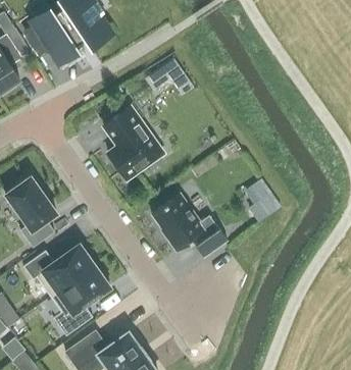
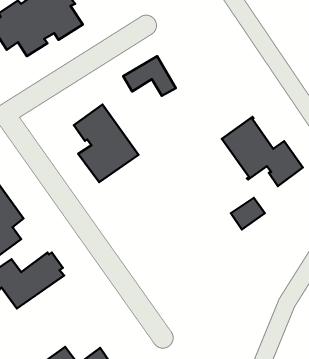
building: [151,193,227,257] -> [222,117,303,186]
building: [50,265,110,335] -> none

